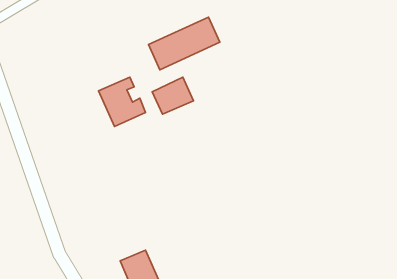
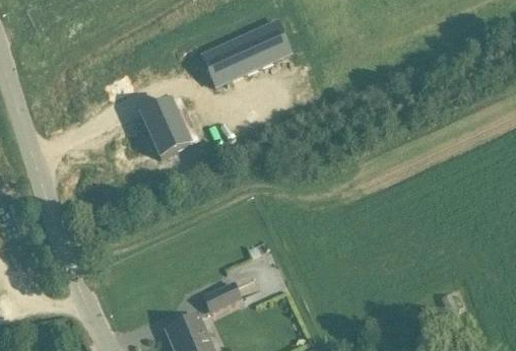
building: [152,77,193,114] -> none
building: none -> [202,281,240,310]

